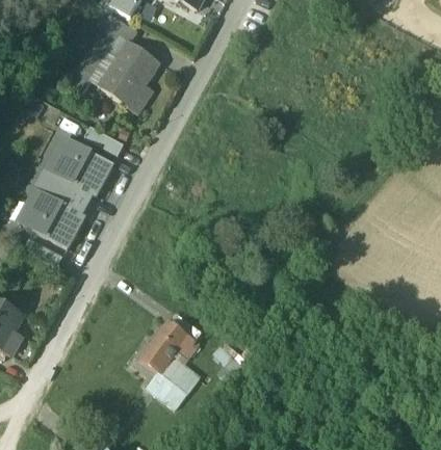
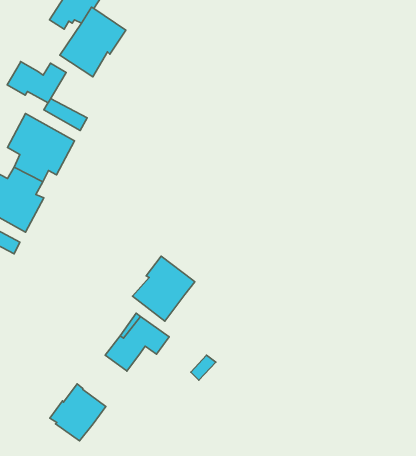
building: none -> [7,61,66,103]
building: none -> [133,256,195,321]
building: [147,355,198,407] -> [50,384,106,441]

